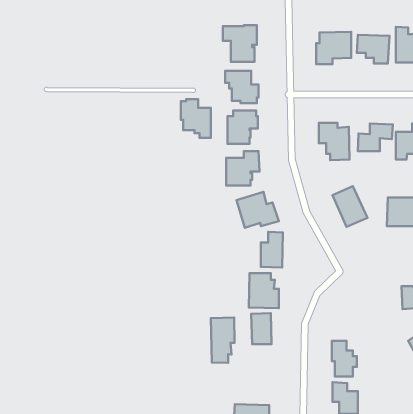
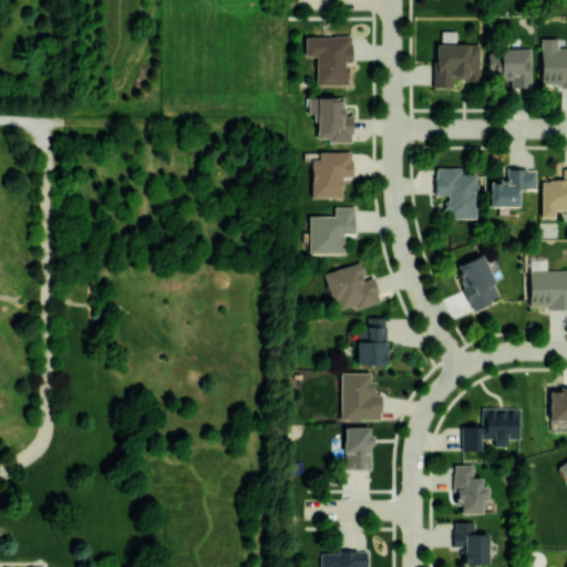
building: [181,99,211,138] -> none
building: none -> [463,409,522,452]
building: [211,318,234,363] -> none

